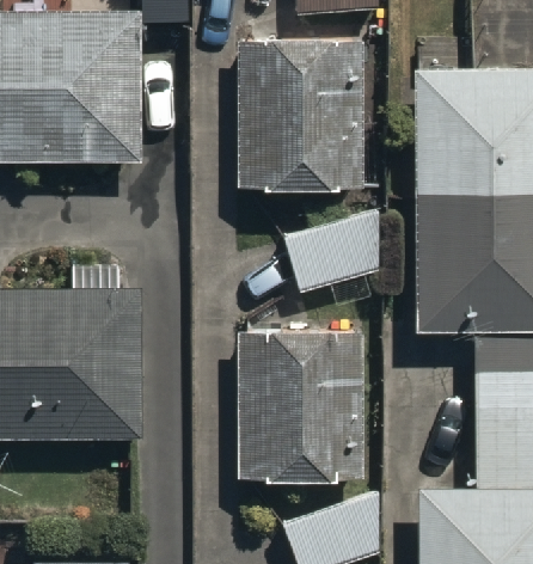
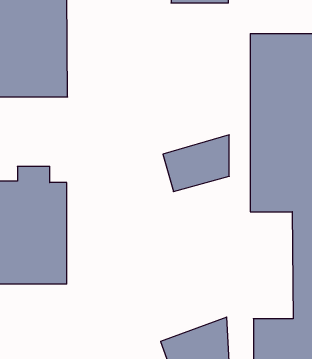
building: [239,36,362,190] -> none
building: [238,324,362,479] -> none

